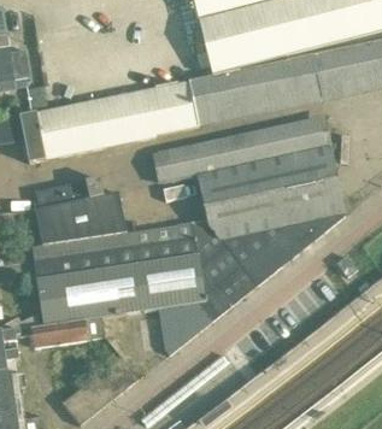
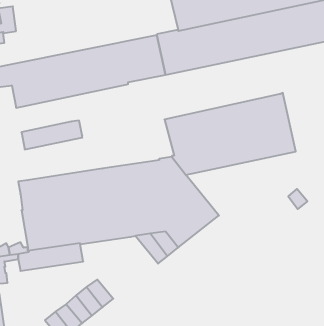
building: [152,116,327,184] -> none
building: [34,192,125,245] -> none
building: [219,212,343,284] -> none
building: [157,307,188,355] -> none

